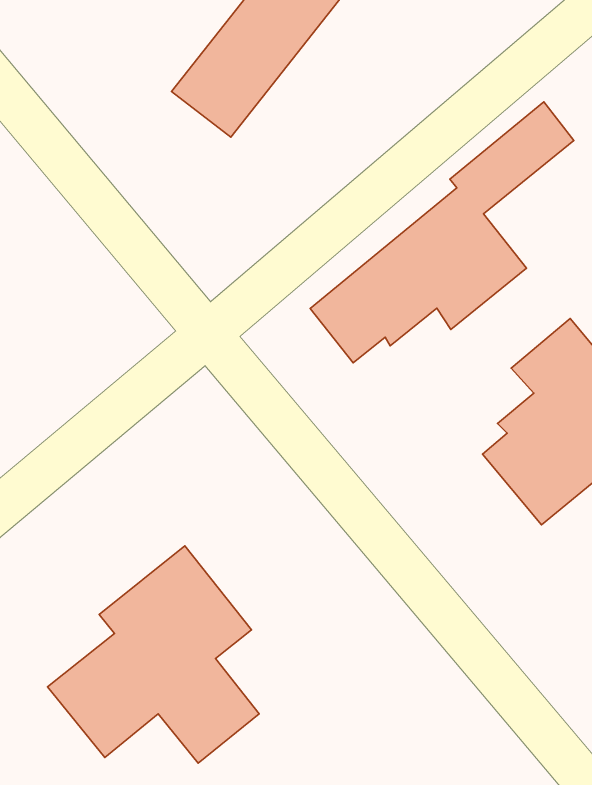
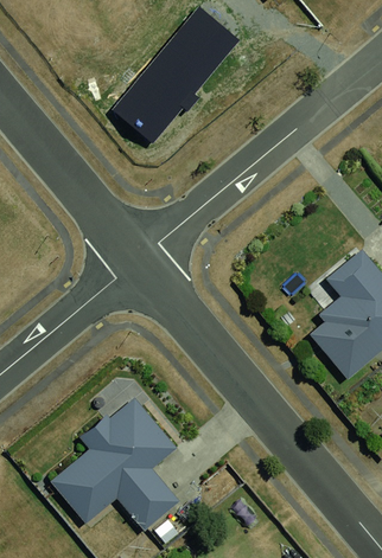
building: [310,102,574,363] -> none

